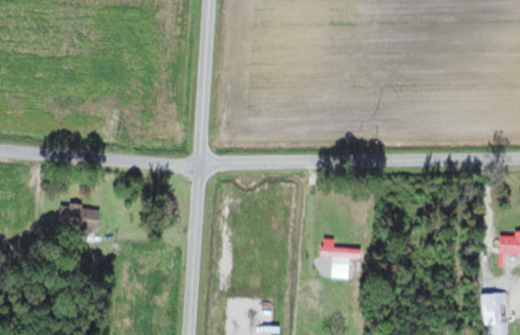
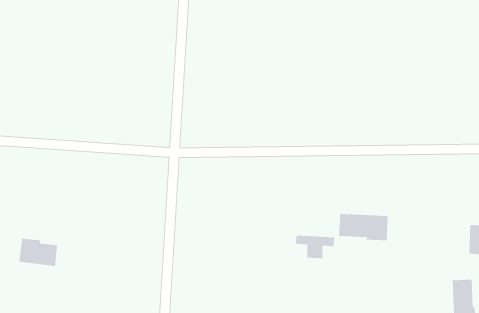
building: [58,203,99,232] -> [18,238,58,267]
building: none -> [338,213,388,241]

